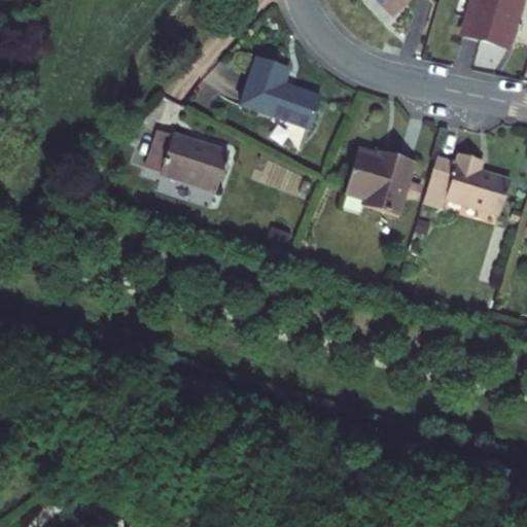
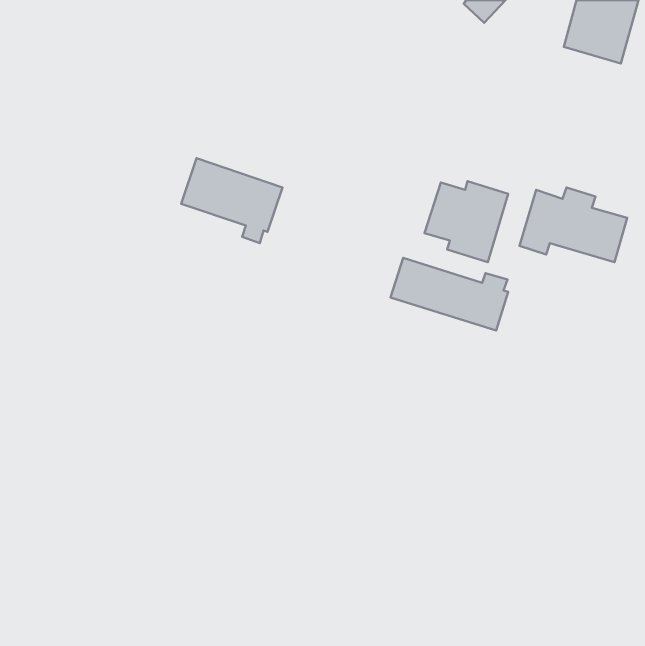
building: [242,56,320,126] -> none
building: none -> [391,258,508,331]

